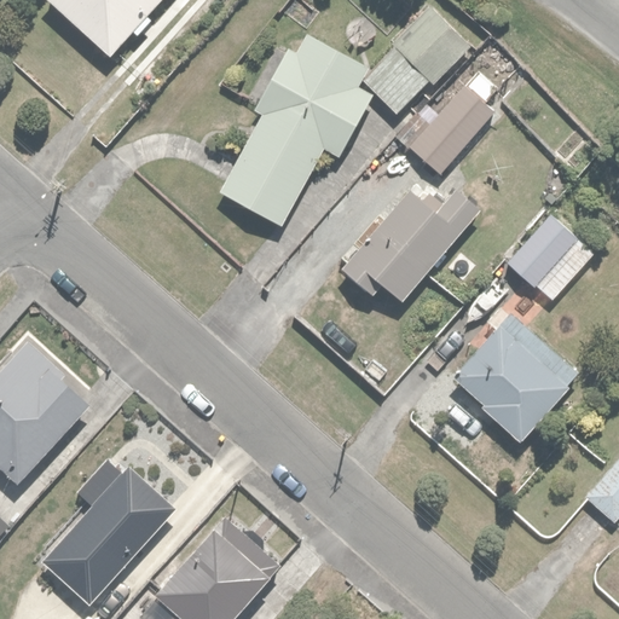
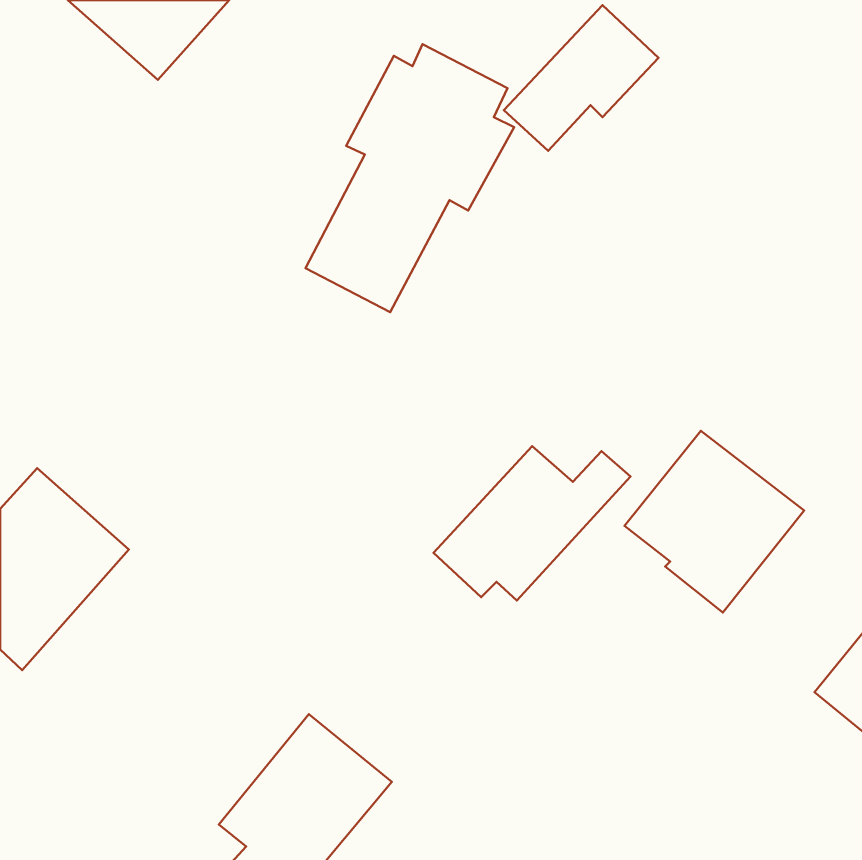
building: [410,70,501,177] -> none
building: [339,190,479,300] -> [434,446,630,600]
building: [509,214,597,303] -> none
building: [45,446,187,598] -> none

